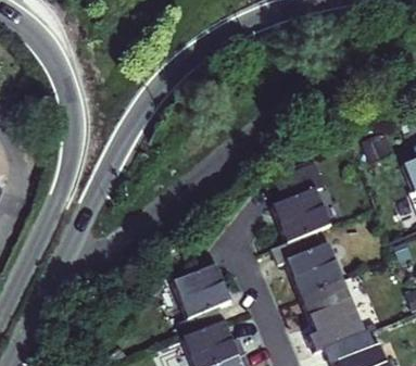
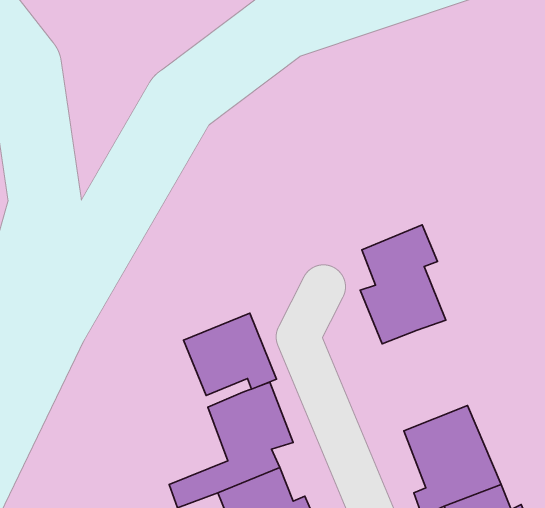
building: none -> [183,313,277,395]
building: [272,230,342,295] -> none

